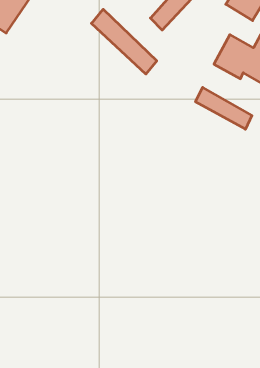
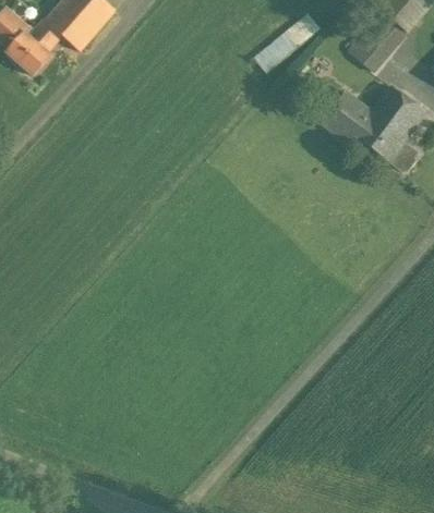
building: [91,9,157,74] -> none
building: [196,87,252,129] -> none

